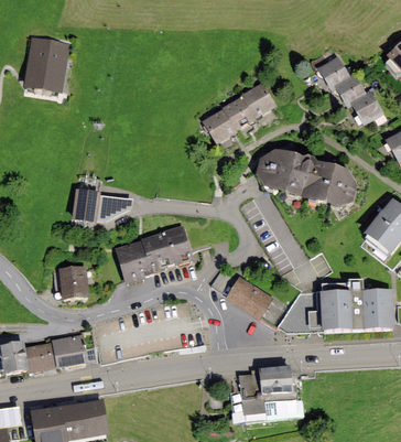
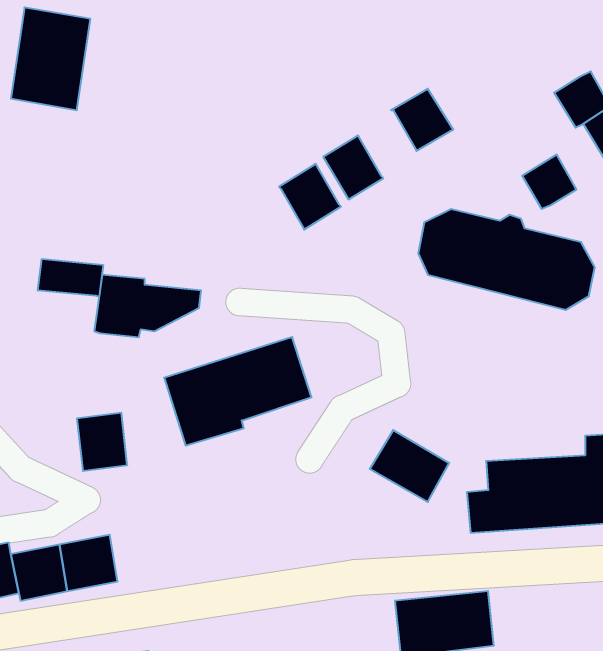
building: [316,55,347,86] -> [522,155,576,209]
building: [220,94,256,131] -> [279,164,341,230]
building: none -> [38,259,103,297]

